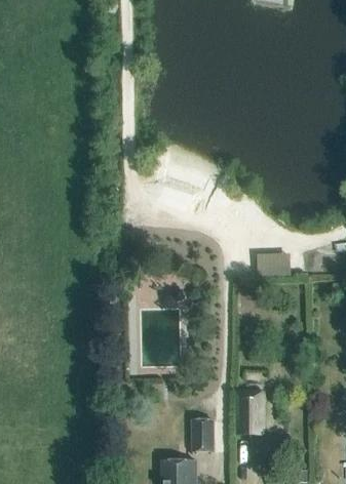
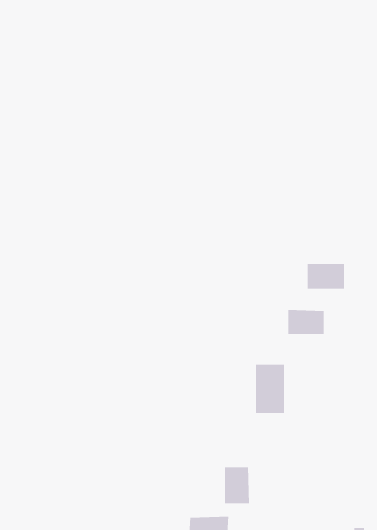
building: none -> [288,309,324,335]
building: [241,393,266,434] -> [255,364,285,413]

